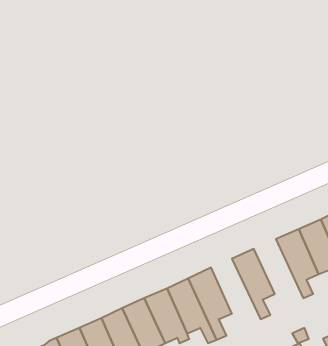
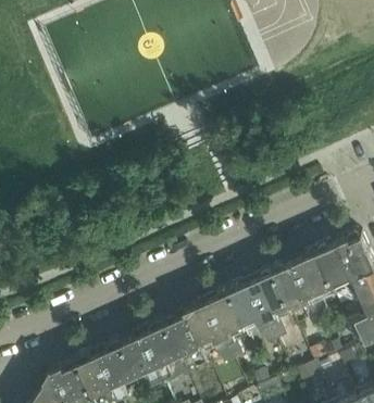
building: none -> [272,257,323,325]
building: none -> [229,277,278,341]

